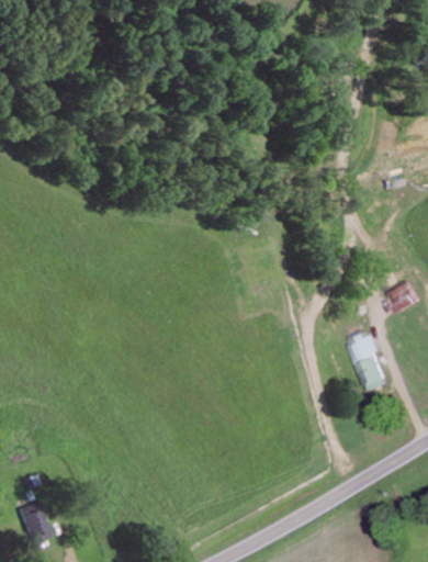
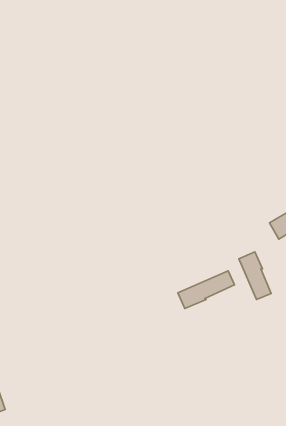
building: none -> [178,271,235,308]

